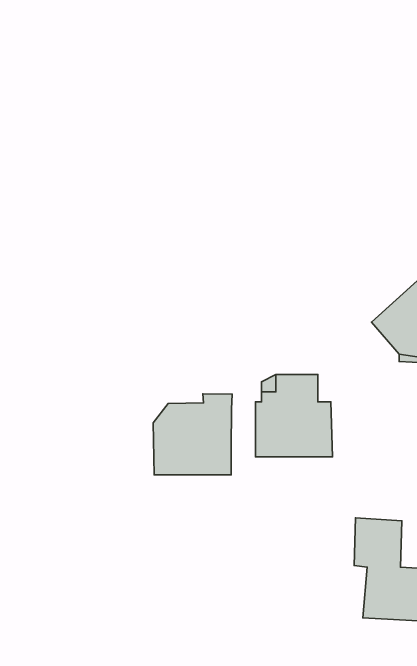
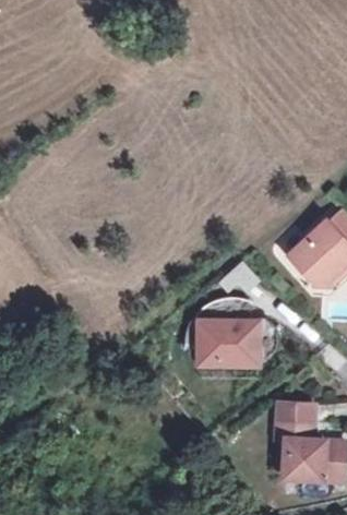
building: [153,394,232,475] -> none

